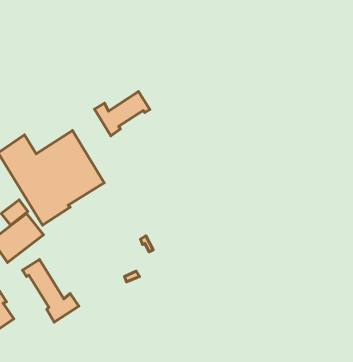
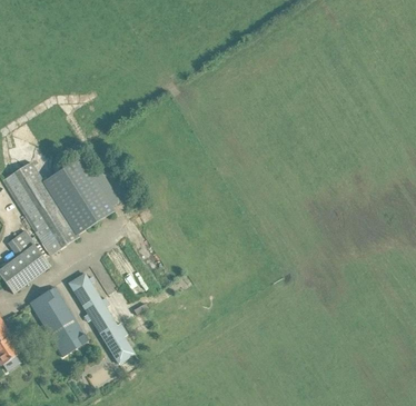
building: [94,91,150,136] -> none
building: none -> [67,274,133,365]

